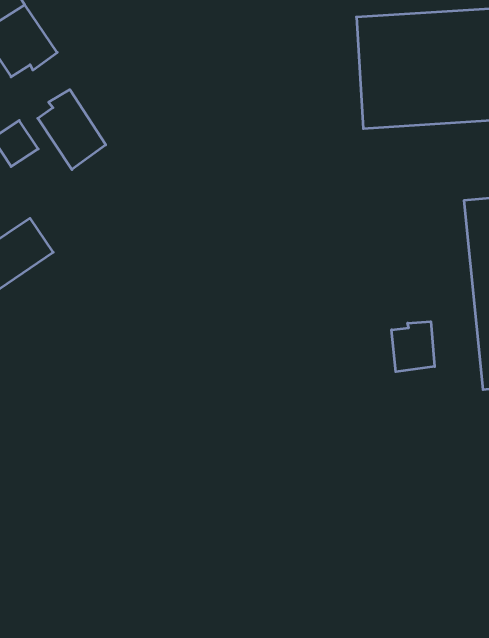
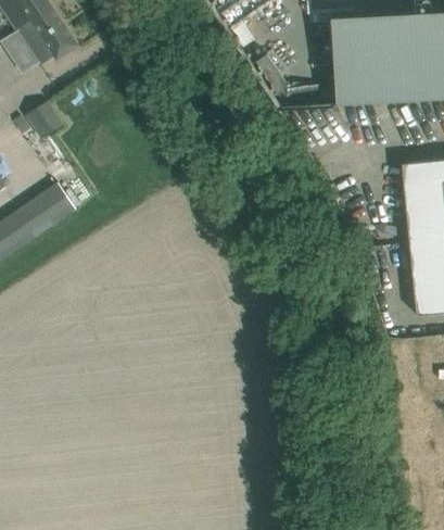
building: [38,90,106,170] -> none
building: [392,322,435,372] -> none

